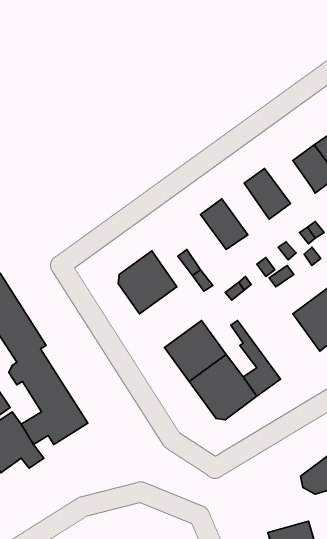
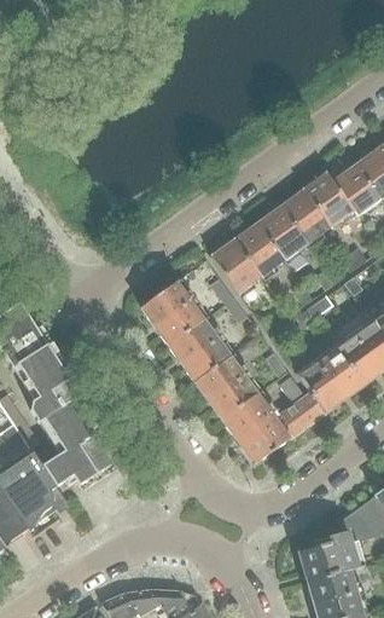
building: none -> [303,173,354,227]
building: none -> [257,206,308,261]
building: none -> [211,239,262,295]
building: none -> [169,317,235,382]
building: none -> [296,346,362,414]
building: none -> [298,532,365,581]

